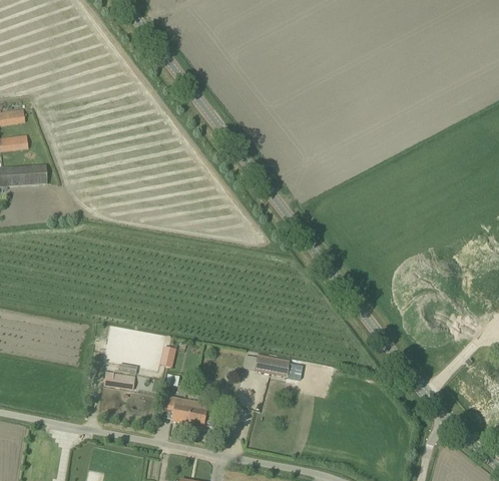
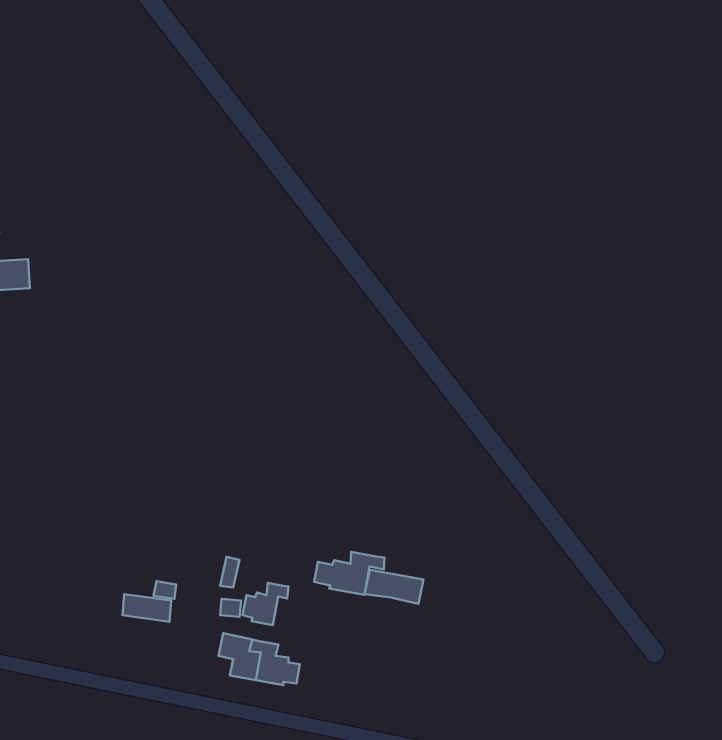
building: none -> [314,552,385,595]
building: none -> [242,583,288,625]

